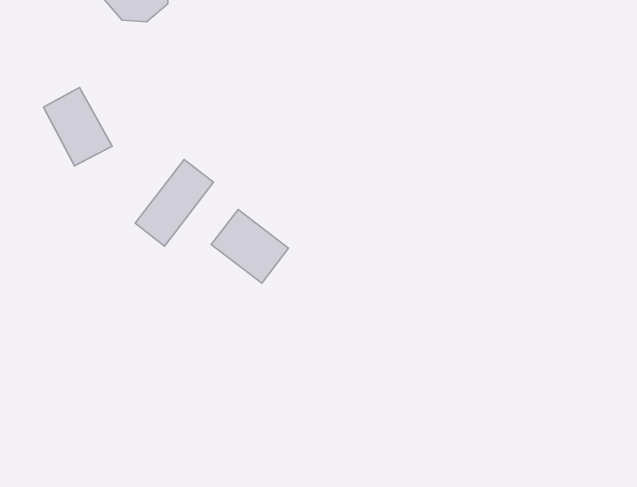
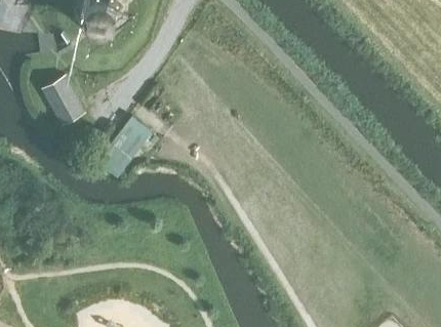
building: [211,209,289,283] -> none

